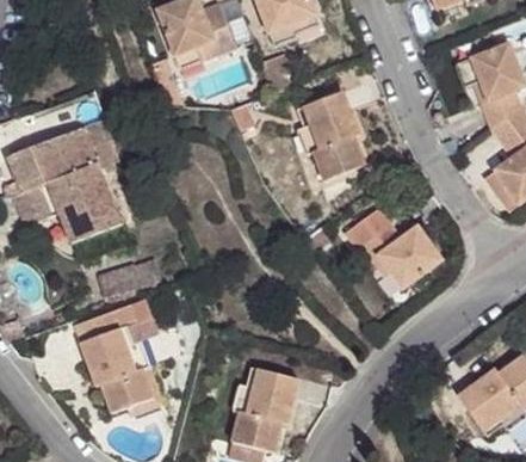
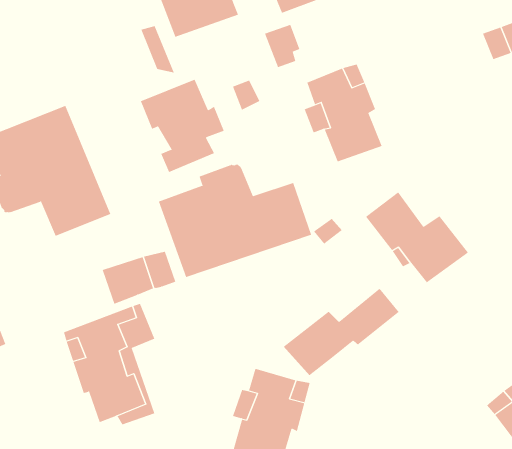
building: none -> [140,79,224,173]
building: none -> [158,164,312,278]
building: none -> [283,288,400,376]

